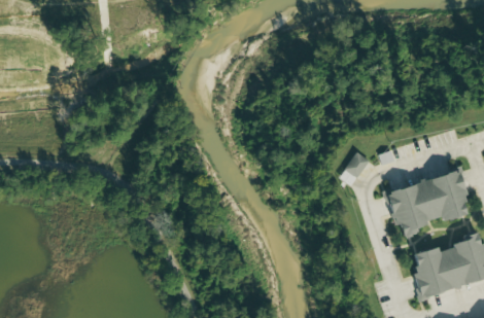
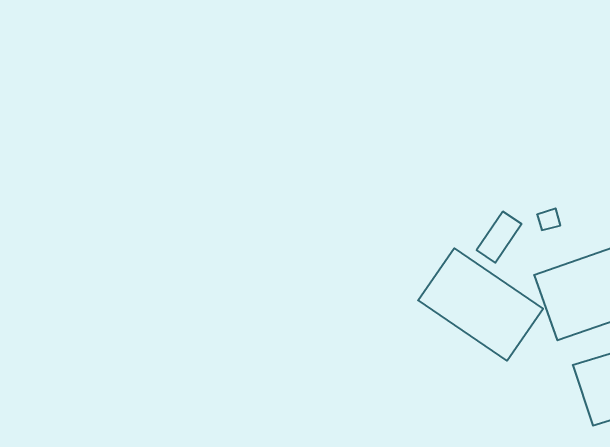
building: none -> [418,248,543,361]

